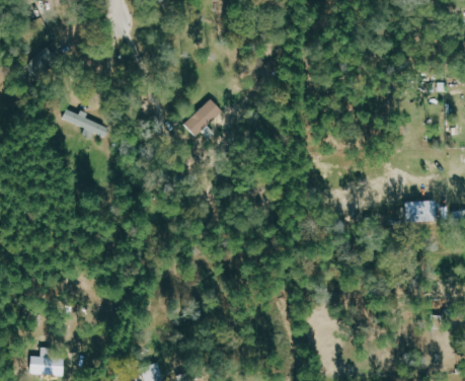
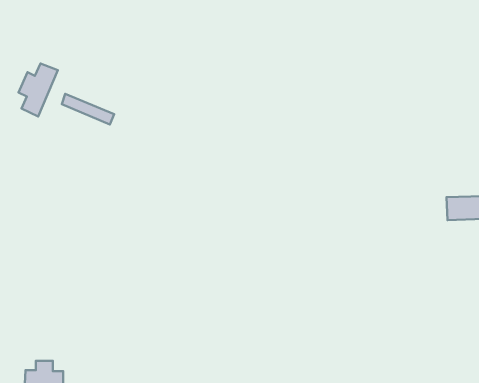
building: none -> [19,64,58,116]
building: [183,99,221,137] -> none

